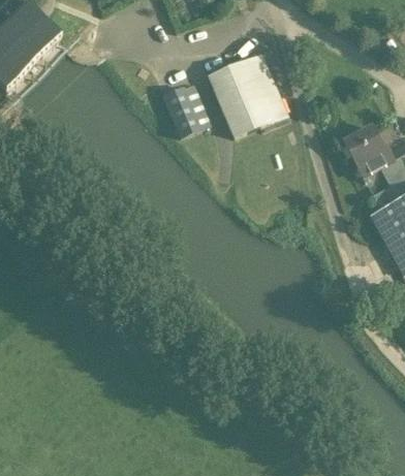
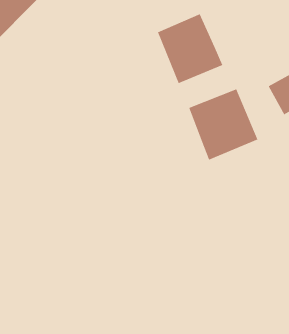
building: [162,83,202,136] -> none
building: none -> [189,88,258,160]

